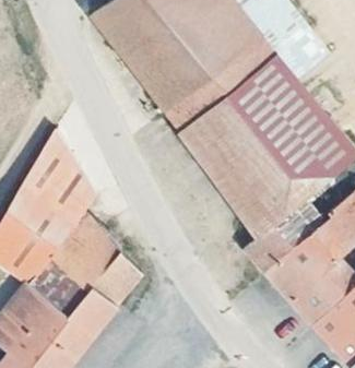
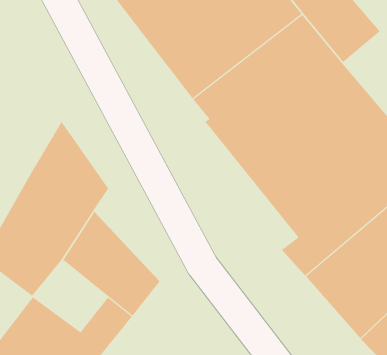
building: [28,257,94,319] -> none

